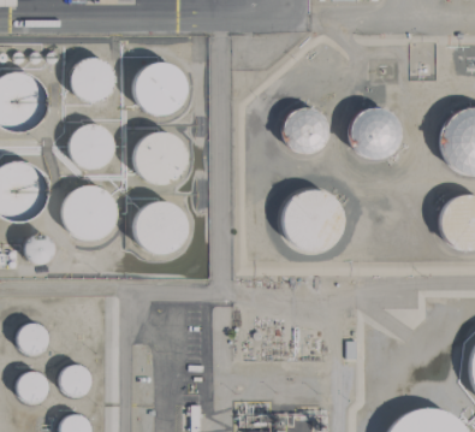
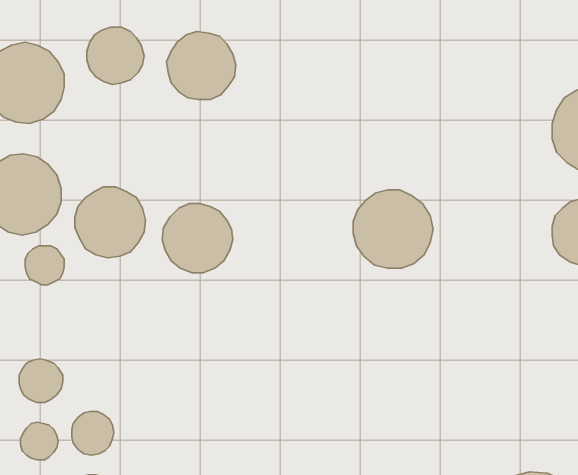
building: [280,106,325,152] -> none
building: [349,111,399,160] -> none
building: [70,125,112,167] -> none
building: [138,132,191,185] -> none

